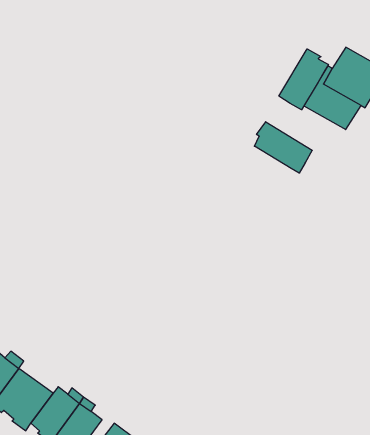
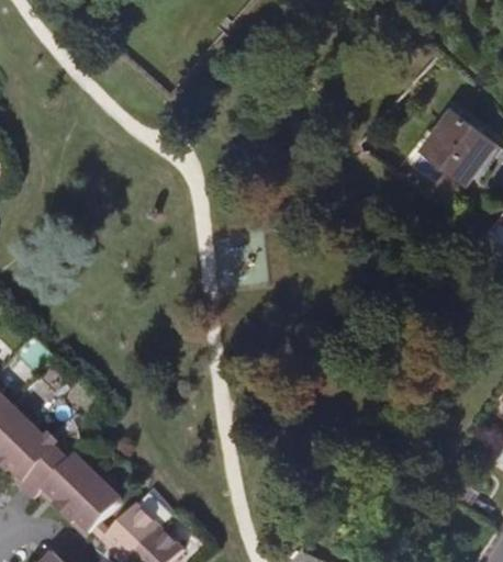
building: [279,49,328,110] -> none
building: [254,122,312,173] -> none

